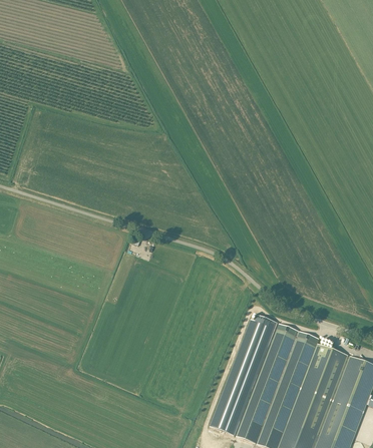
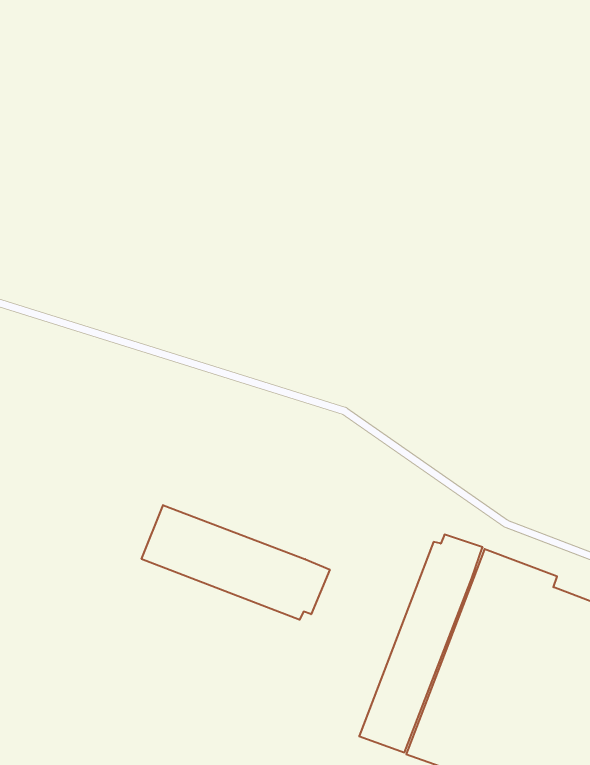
building: none -> [142,505,330,620]

